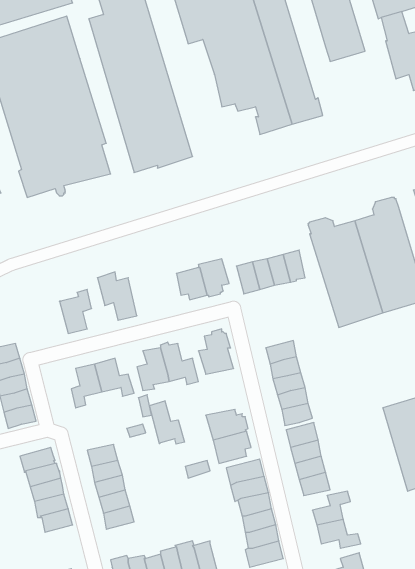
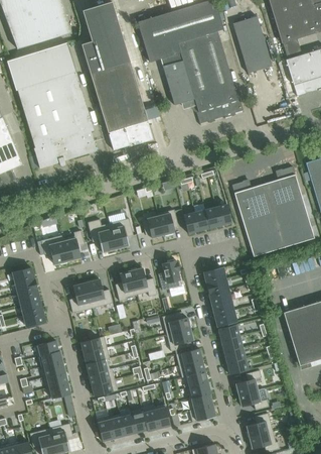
building: none -> [109,219,133,249]
building: none -> [41,235,67,265]
building: [150,401,185,444] -> none

